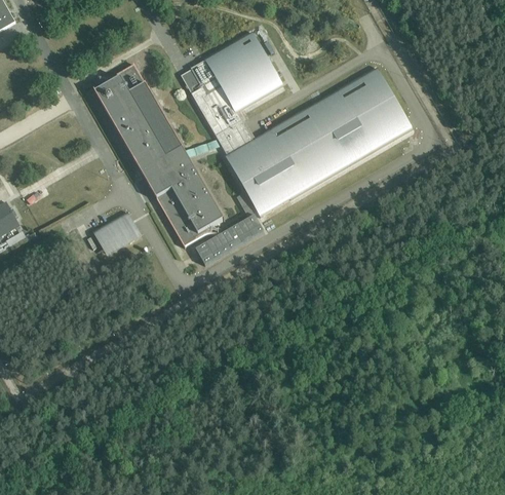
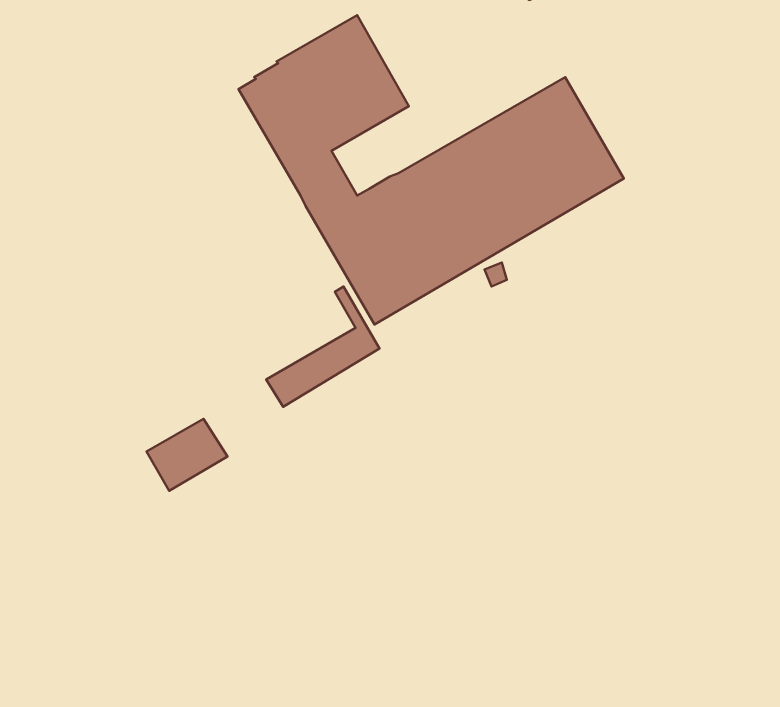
building: [94,64,223,245] -> none
building: [93,214,142,257] -> [147,419,227,491]

